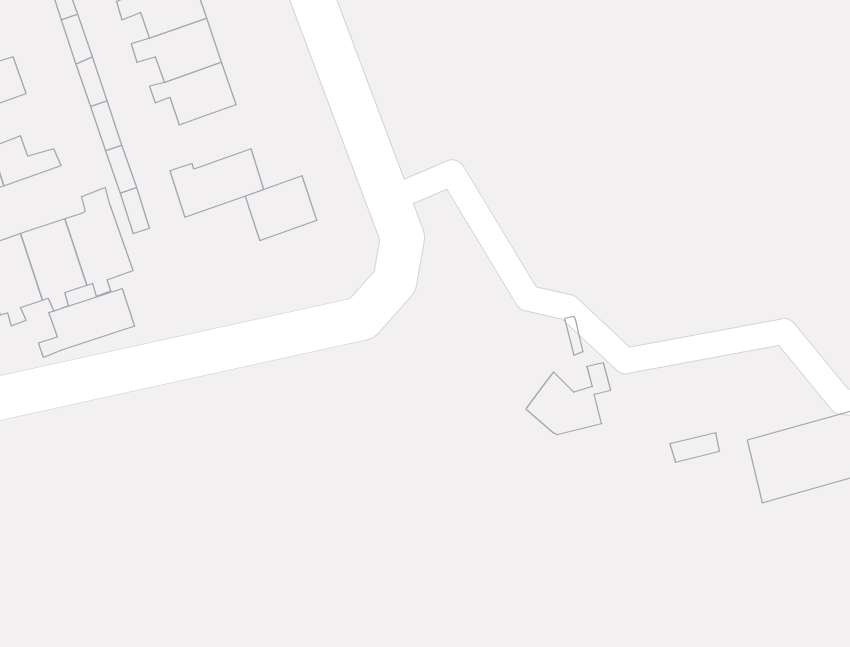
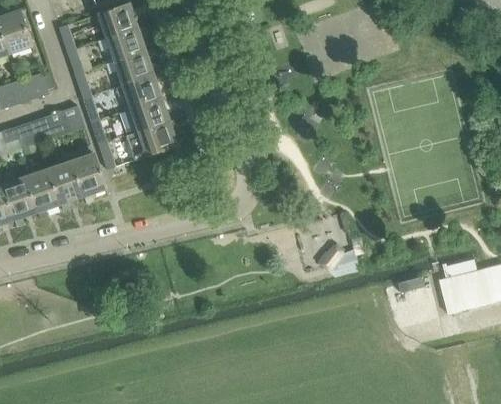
building: none -> [45,105,84,131]
building: [245,176,317,240] -> [131,98,170,133]
building: [38,289,135,357] -> none

